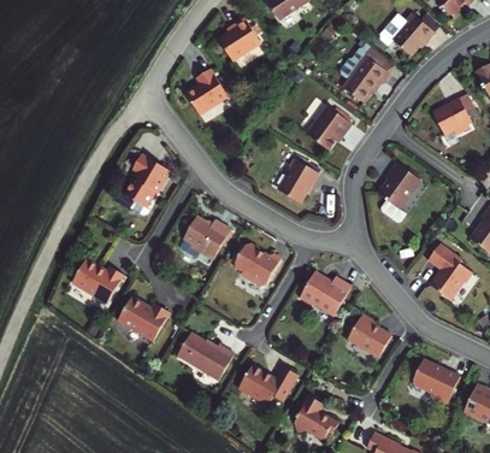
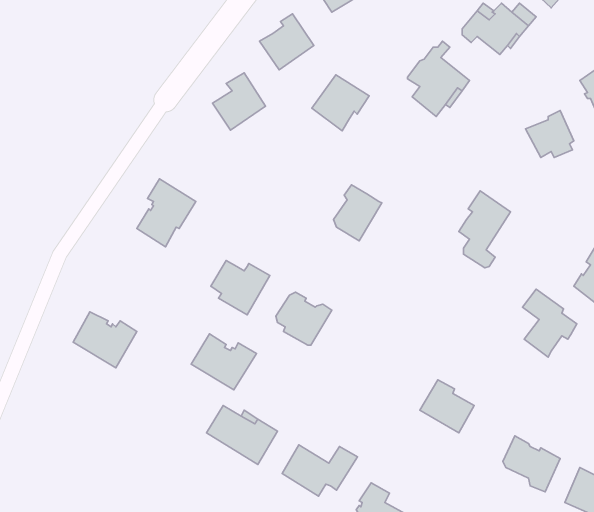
building: [307,106,353,151] -> [312,75,369,131]
building: [300,271,350,317] -> none
building: [119,298,171,342] -> [191,334,256,390]

